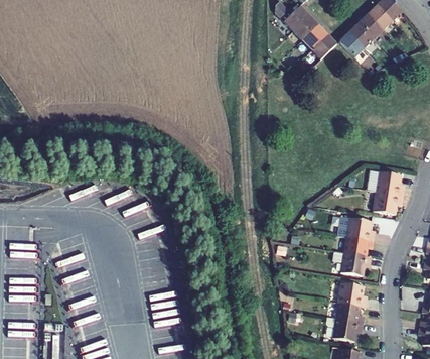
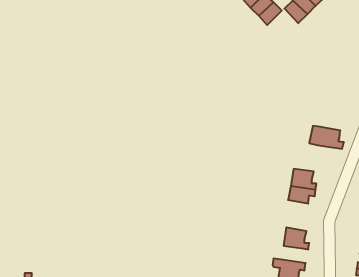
building: [374,192,404,215] -> none
building: [333,251,372,275] -> none
building: [336,303,365,322] -> none

